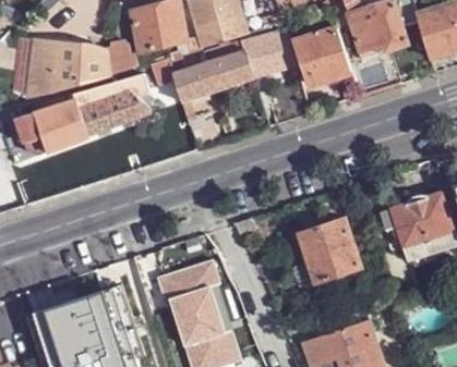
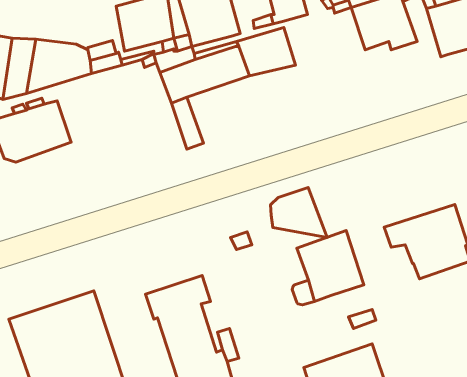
building: [296,28,350,85] -> none
building: [73,74,151,134] -> none
building: none -> [271,188,327,237]

